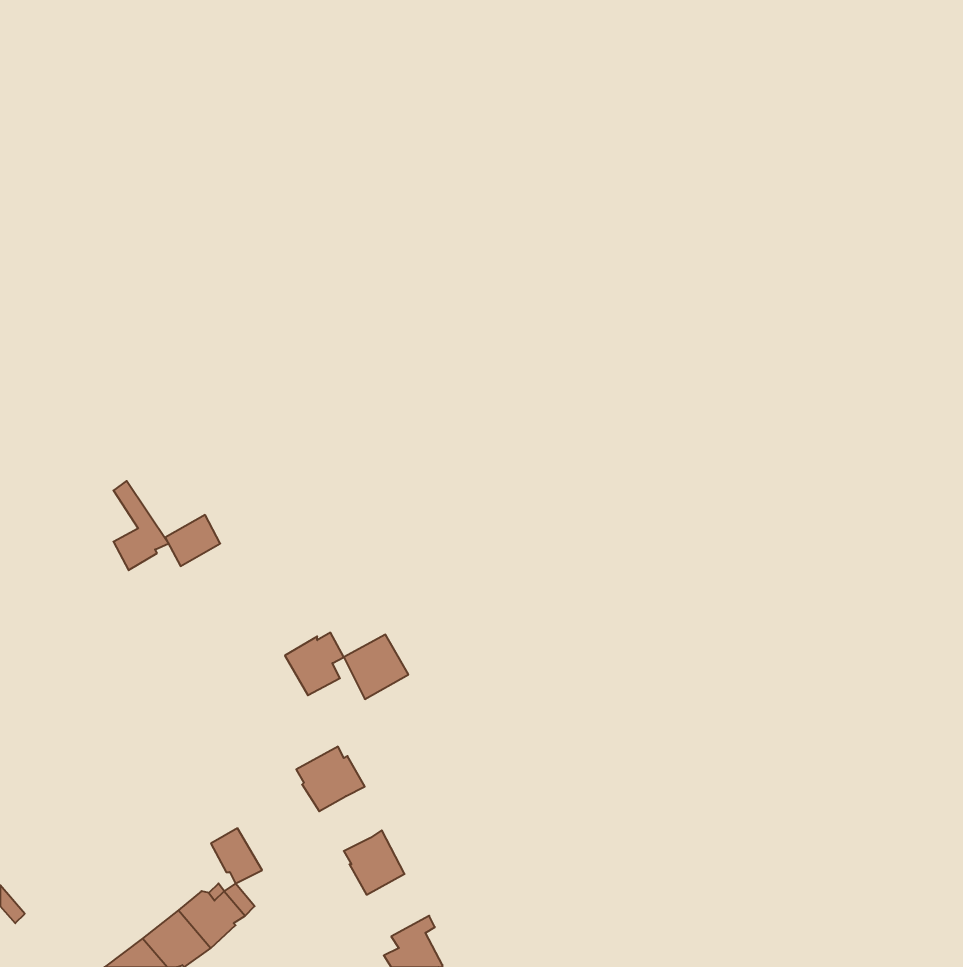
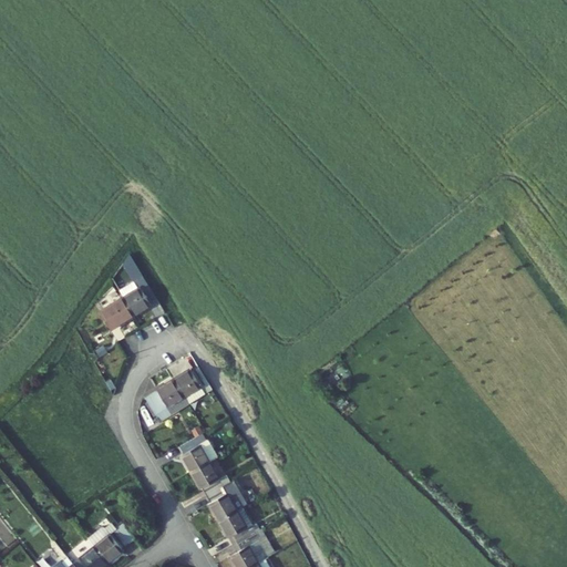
building: [113,481,168,570] -> [124,265,156,317]
building: [344,635,408,699] -> [146,382,184,420]
building: [211,828,262,883] -> [190,464,220,496]
building: none -> [218,509,255,546]

